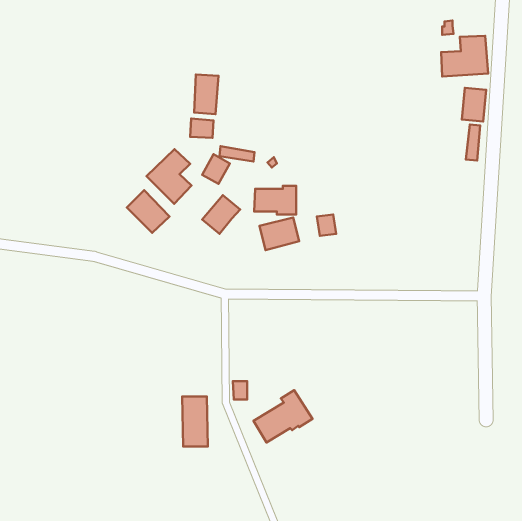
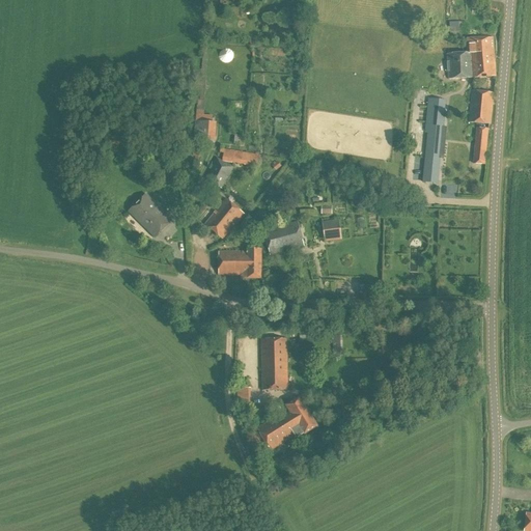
building: [194,74,218,114] -> none
building: none -> [420,96,445,181]
building: [147,149,191,204] -> none
building: [254,186,296,214] -> [218,248,260,277]
building: [182,397,208,447] -> [261,338,287,389]

